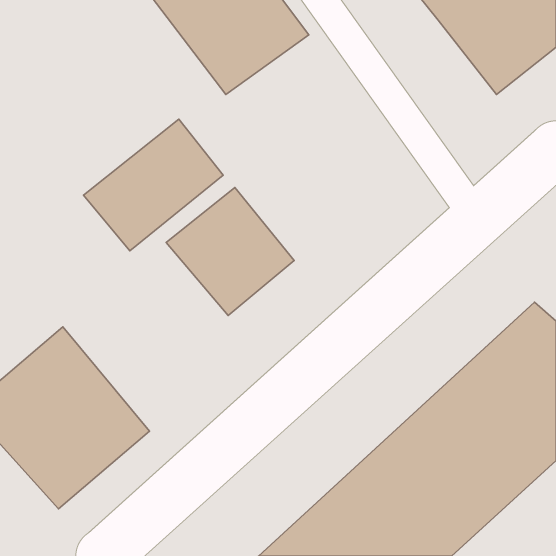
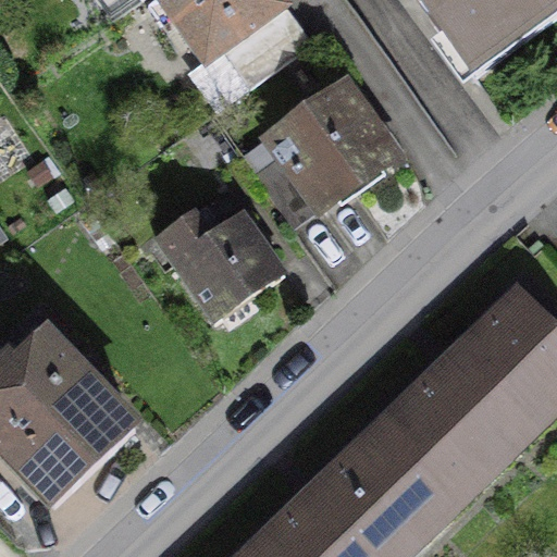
building: none -> [263,89,403,226]
building: [83,119,223,251] -> none

